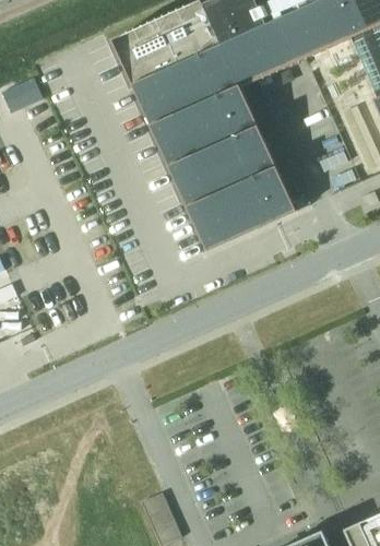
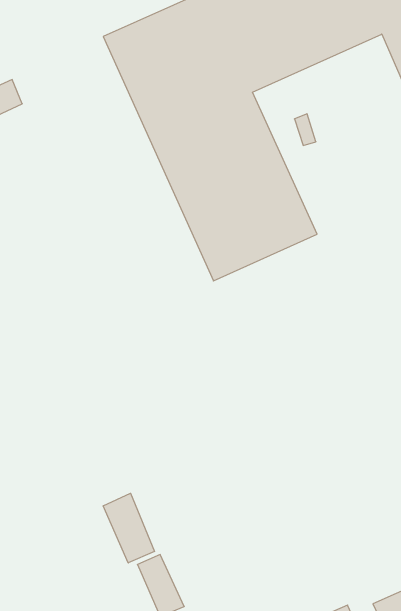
building: none -> [103,493,155,563]

